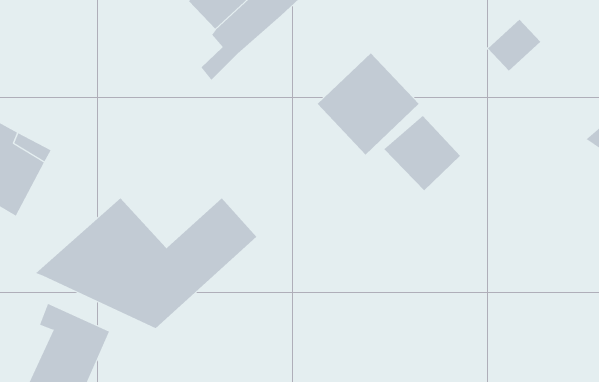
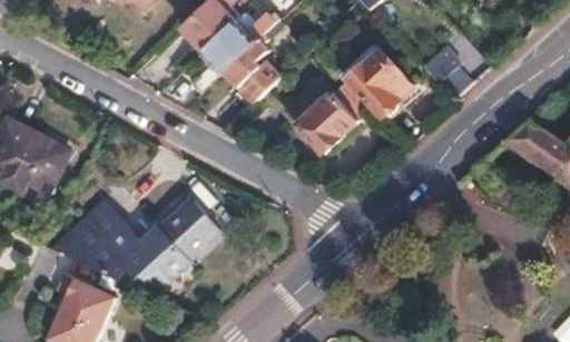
building: none -> [219,39,277,104]
building: [384,115,461,191] -> [347,53,411,116]

